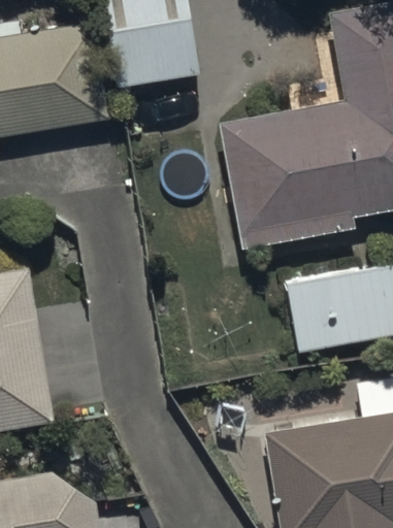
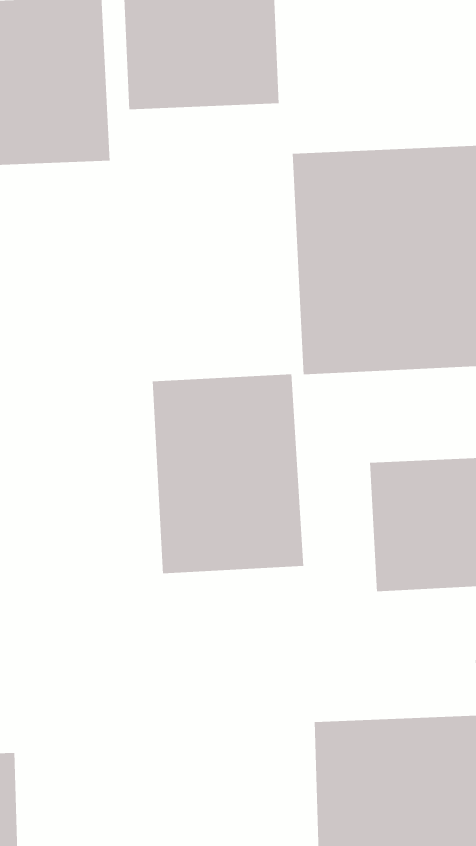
building: none -> [152,374,304,574]

